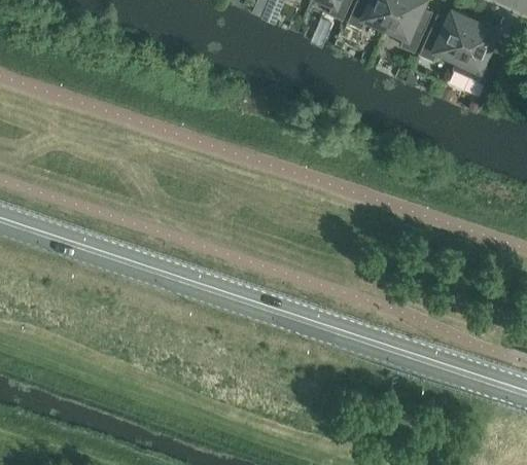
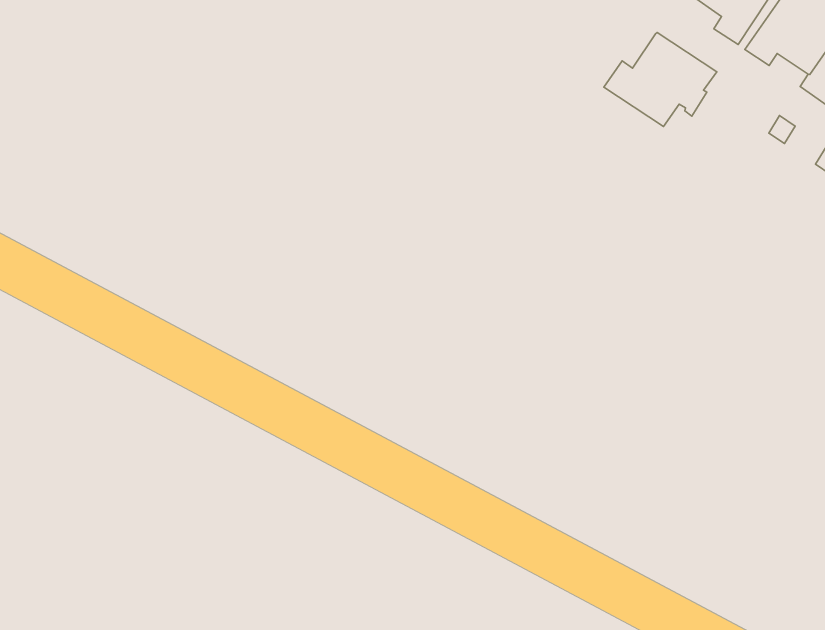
building: none -> [604,32,717,127]

